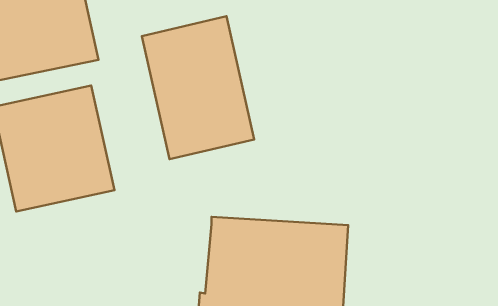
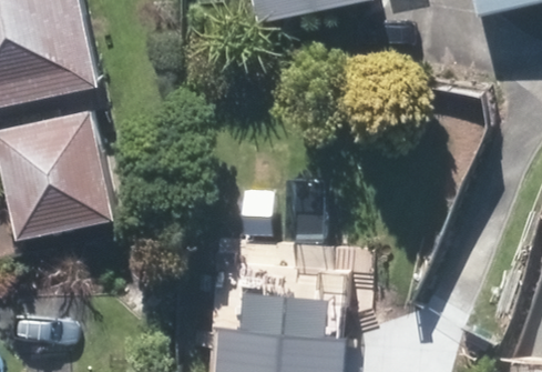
building: [142,16,254,159] -> none

